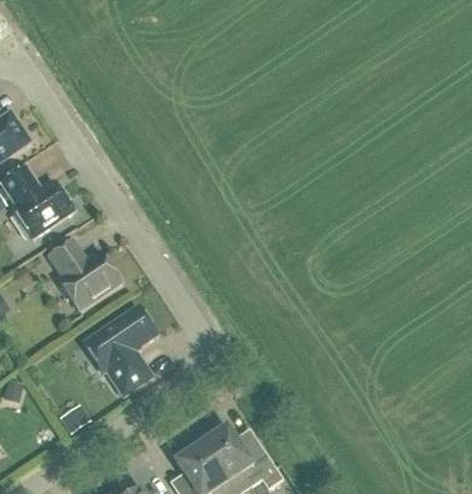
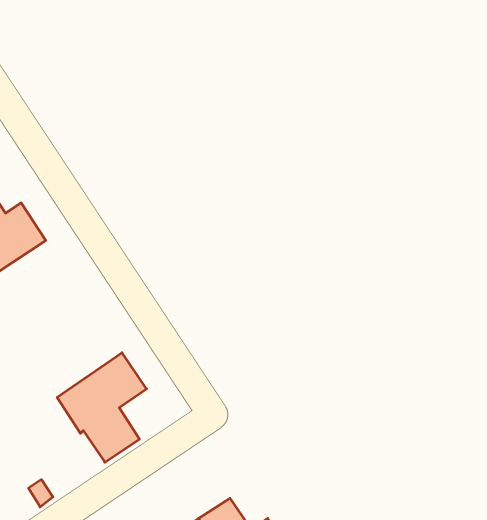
building: [48,239,121,308] -> none

